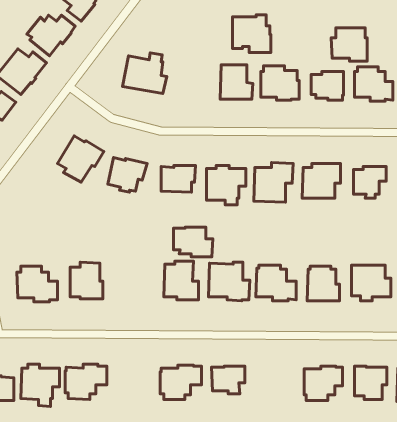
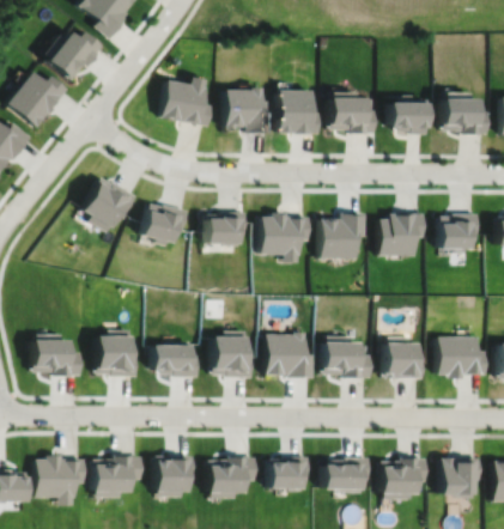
building: [232,15,271,52] -> [225,89,272,134]
building: [331,28,367,61] -> none
building: [173,227,213,257] -> [151,341,199,377]
building: none -> [153,456,194,498]
building: none -> [322,457,370,492]

